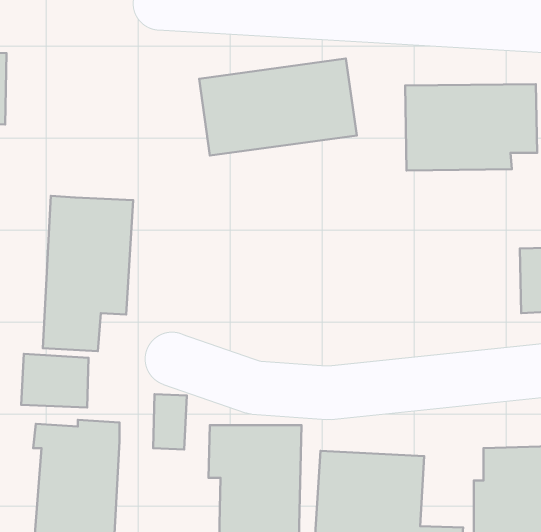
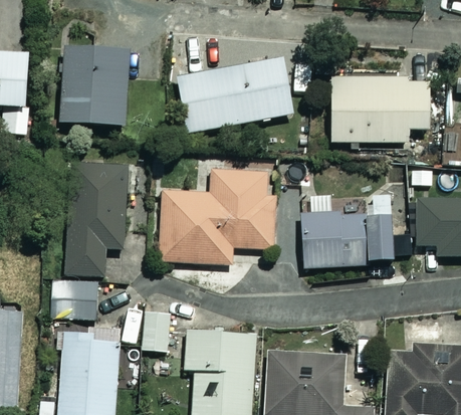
building: none -> [59,47,131,126]
building: none -> [160,169,276,263]
building: none -> [302,193,409,265]

